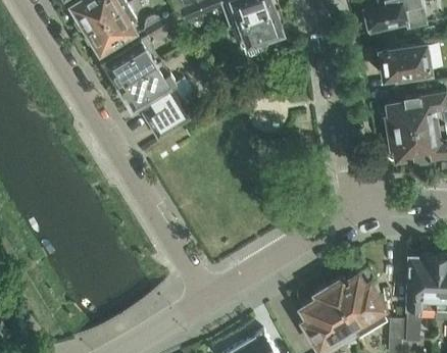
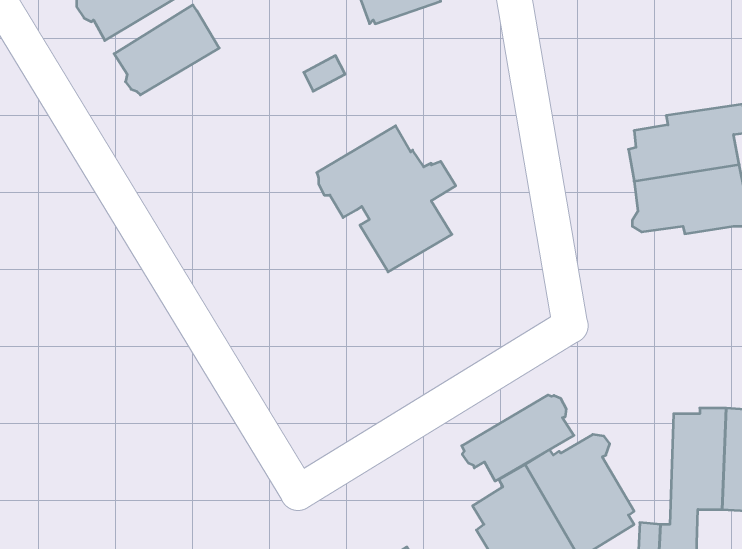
building: [374,46,432,80] -> none
building: [117,60,193,140] -> [317,126,456,272]
building: none -> [462,395,574,481]

